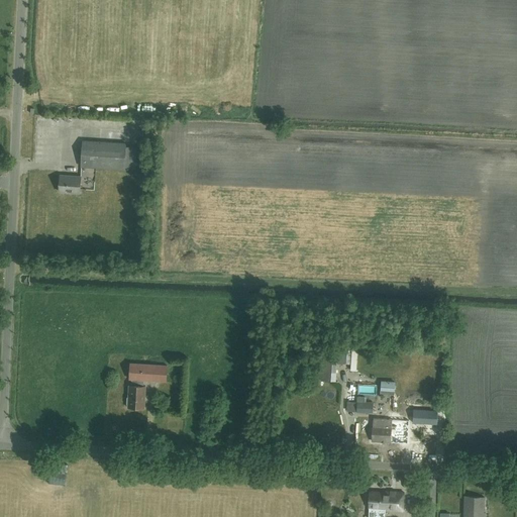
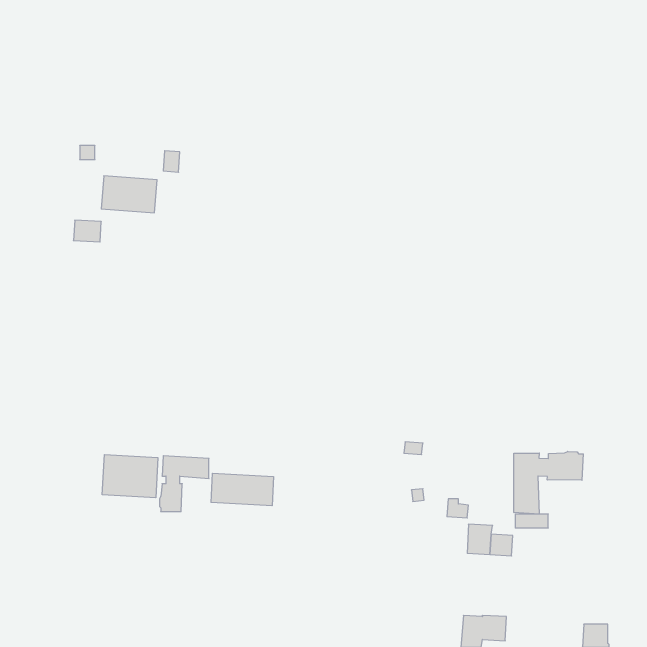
building: none -> [514,451,583,514]
building: none -> [102,455,158,498]
building: none -> [211,473,273,506]

